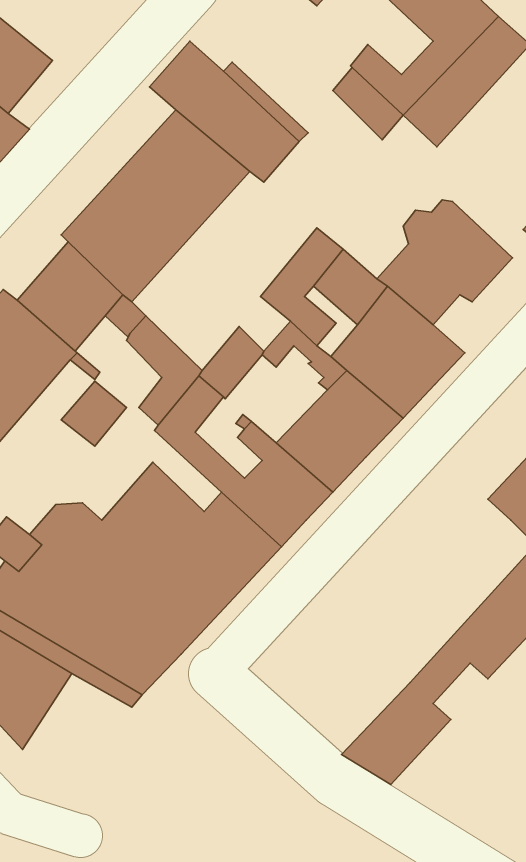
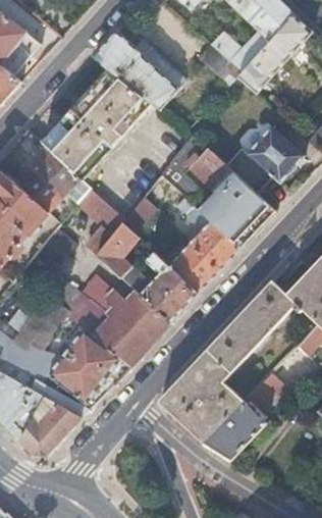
building: none -> [158,279,301,442]
building: none -> [18,395,82,454]

